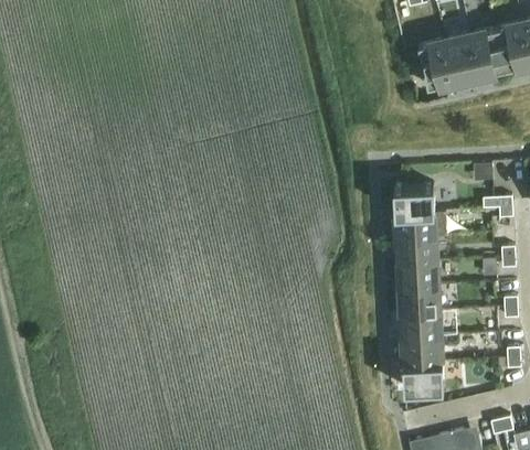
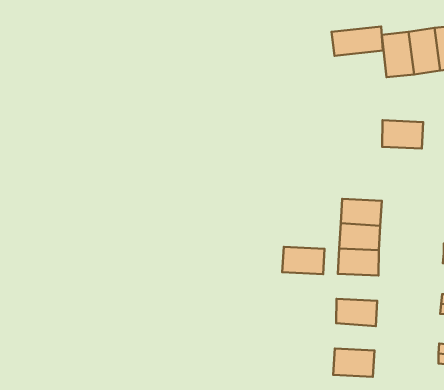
building: none -> [332,27,383,56]
building: [393,185,435,214] -> [382,120,423,148]
building: [399,287,441,314] -> [282,247,324,274]
building: [402,338,443,364] -> none

